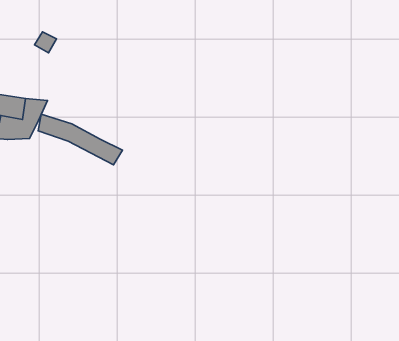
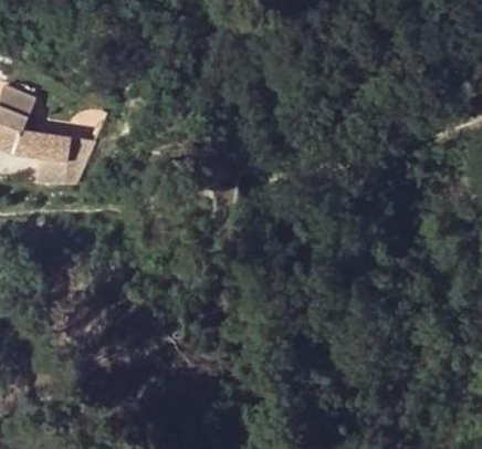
building: [38,114,122,165] -> none

